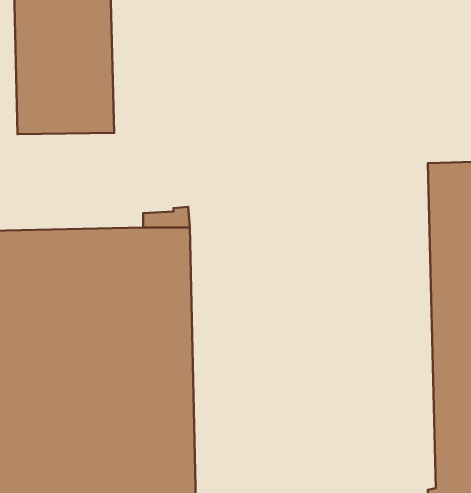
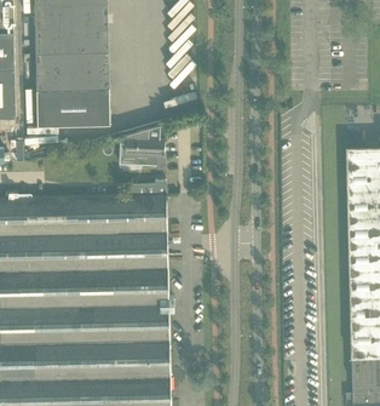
building: none -> [119,128,166,171]

